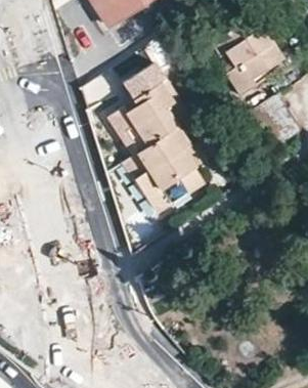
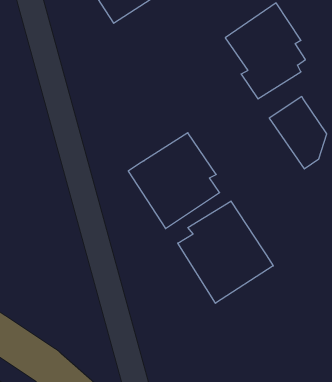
building: [106,62,188,154] -> none
building: none -> [178,201,273,303]

